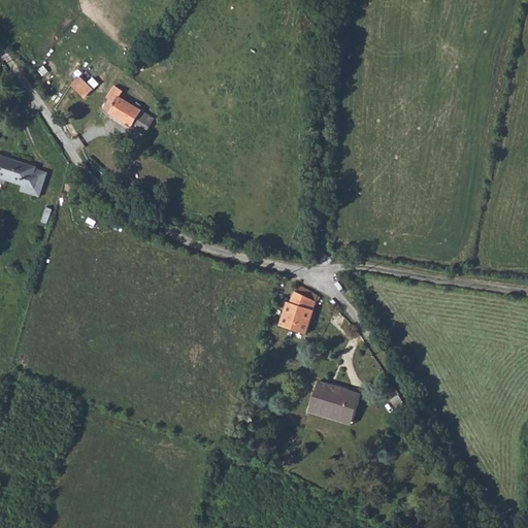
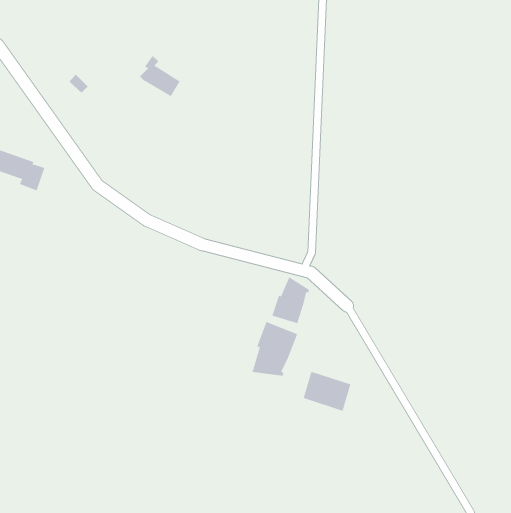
building: [99,86,141,128] -> [139,55,180,97]
building: none -> [252,321,298,376]

